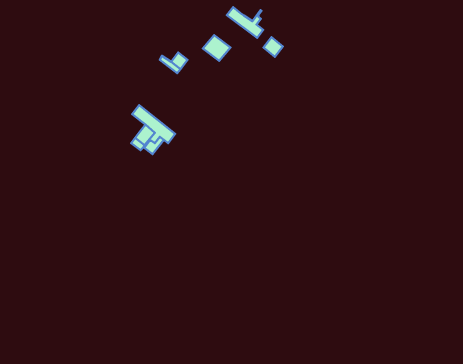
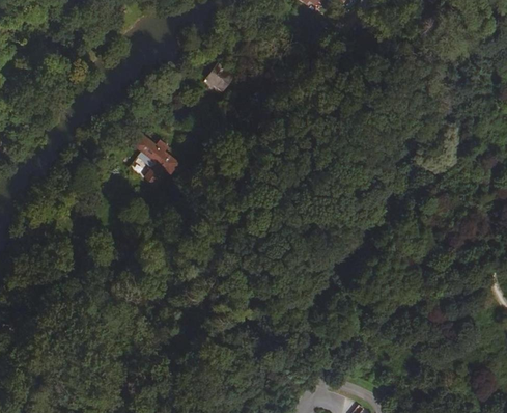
building: [227,7,263,38] -> none

